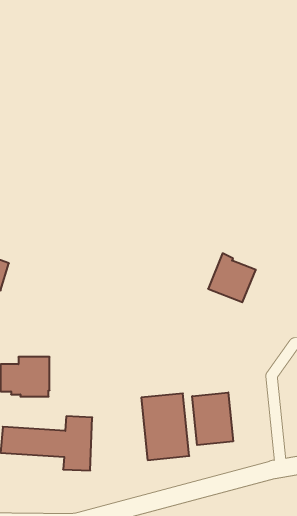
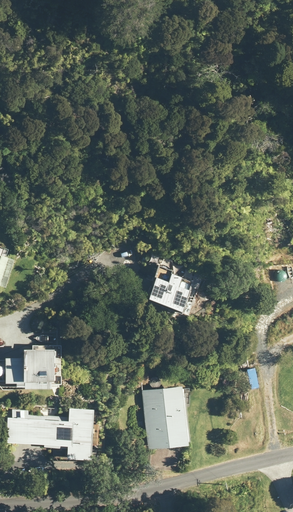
building: [208,253,256,302] -> [148,265,194,312]
building: [192,392,233,445] -> none

